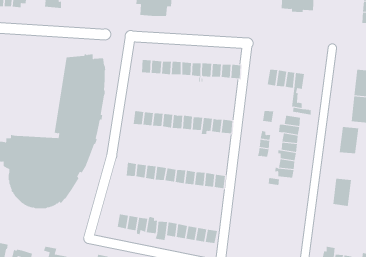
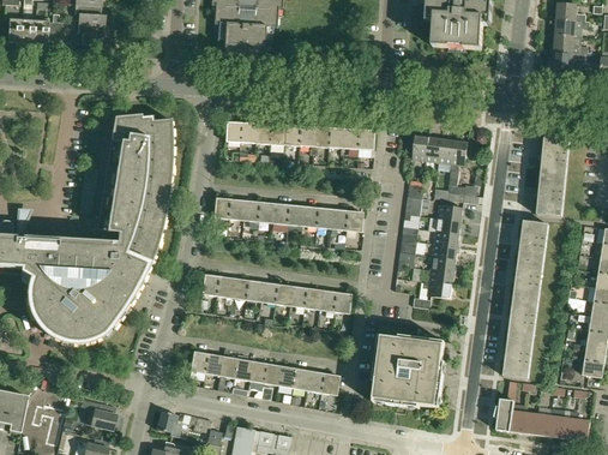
building: none -> [513,259,543,300]
building: none -> [372,335,444,408]
building: none -> [502,336,532,378]

